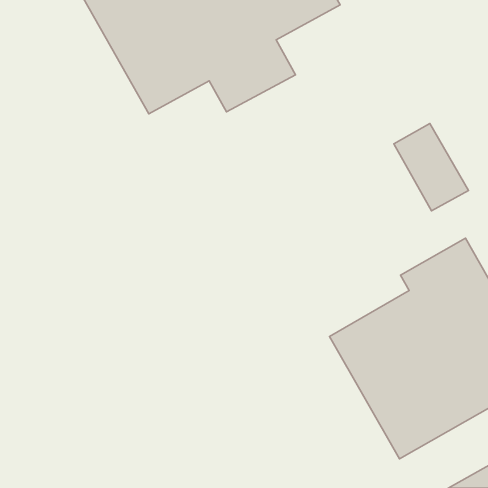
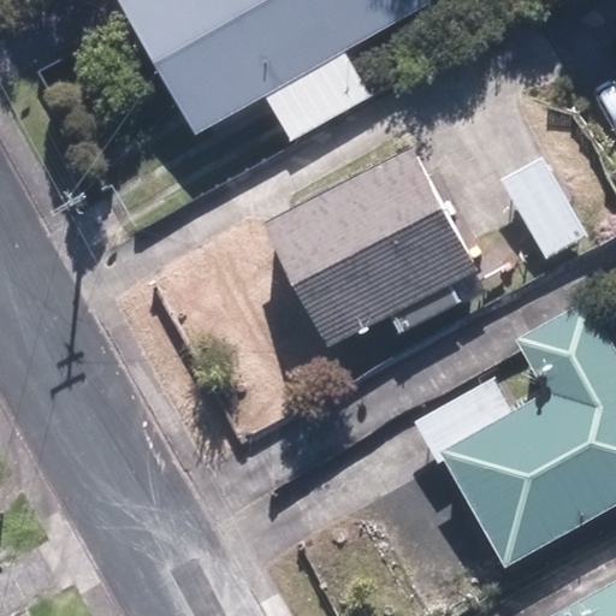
building: none -> [259,143,485,357]

